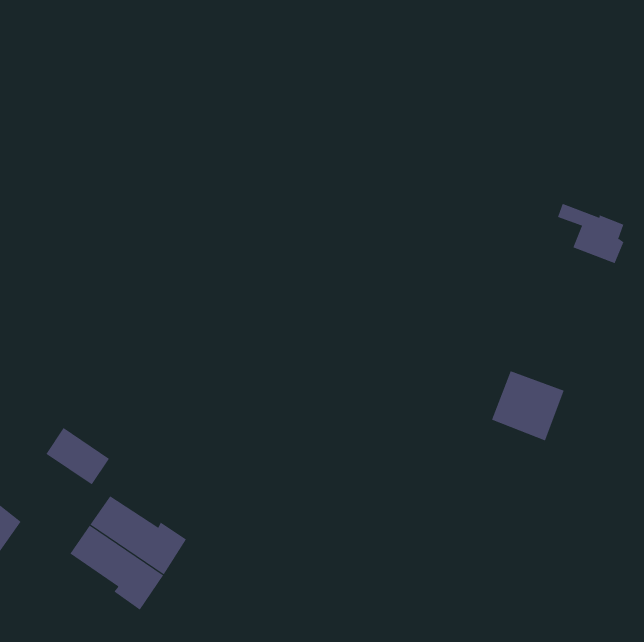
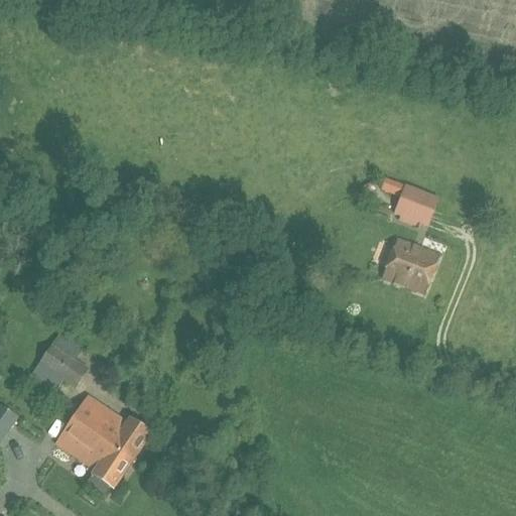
building: [557,203,624,264] -> [380,176,433,225]
building: [491,370,564,441] -> [380,237,438,293]

